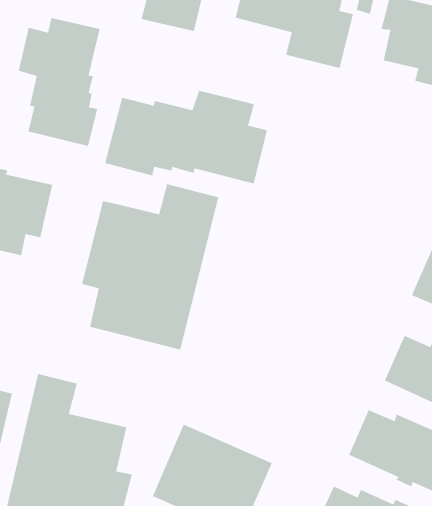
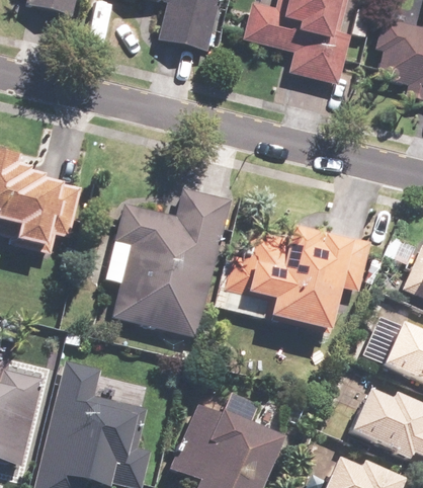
building: [18,17,101,147] -> none
building: [104,90,268,184] -> none
building: none -> [225,228,370,331]

